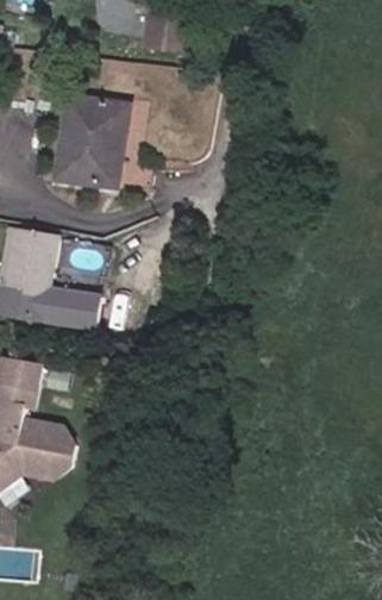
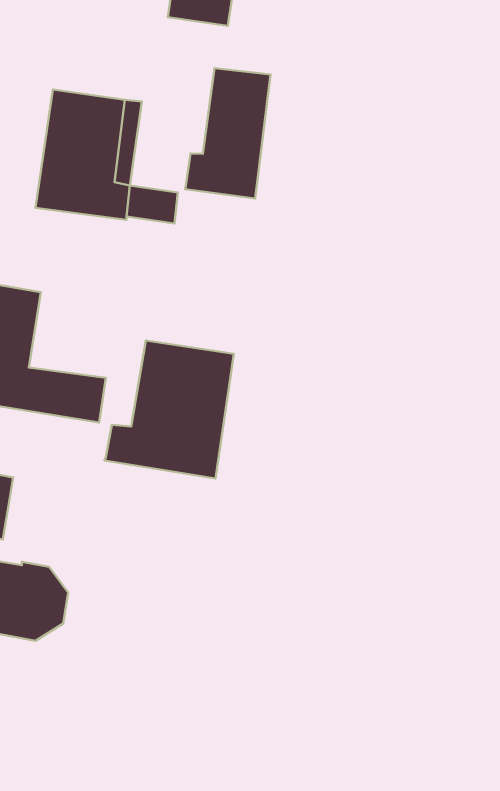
building: none -> [185,68,270,198]
building: none -> [105,340,234,479]

